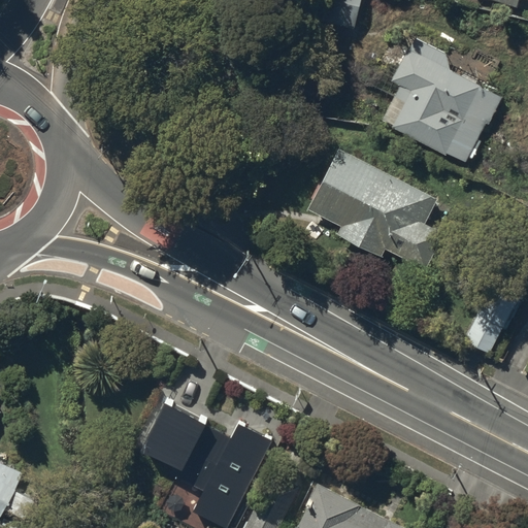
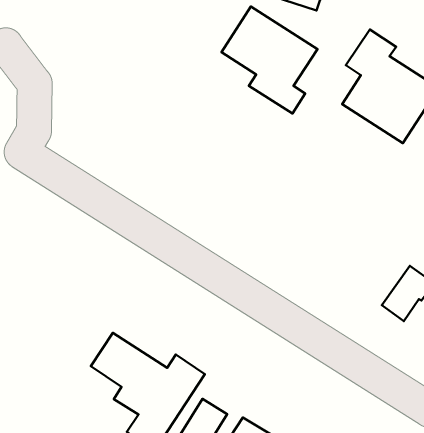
building: none -> [221,6,317,114]
building: [308,153,442,269] -> none

